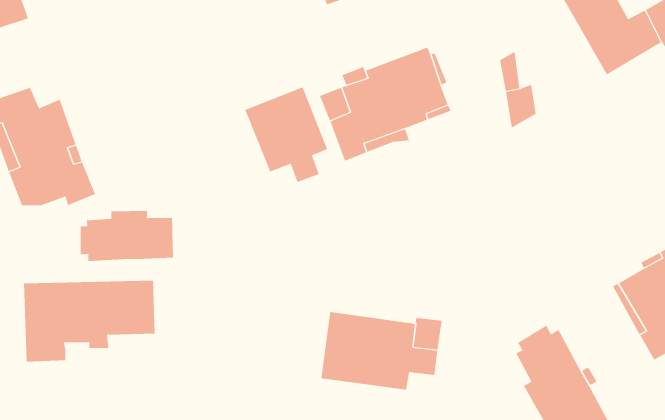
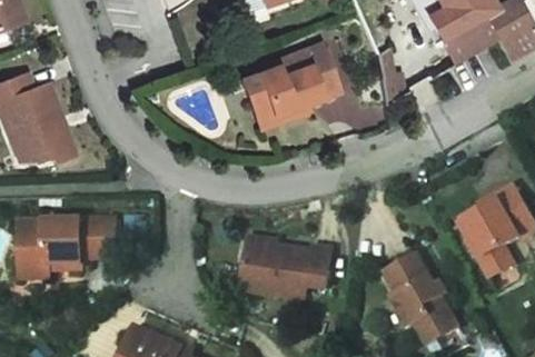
building: [244,87,328,183] -> none
building: [80,210,174,262] -> none

